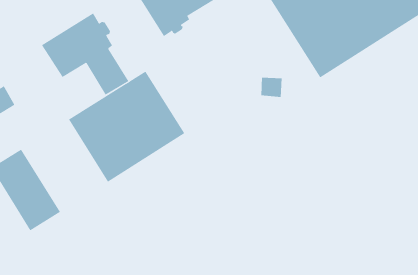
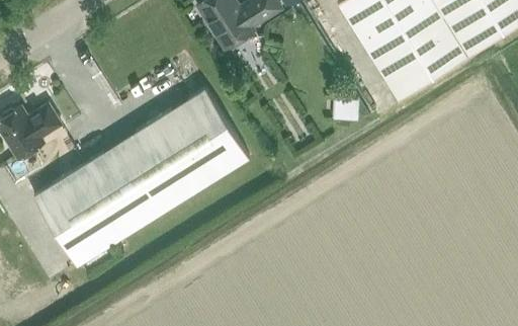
building: [41,12,129,96] -> none
building: none -> [68,144,163,246]

